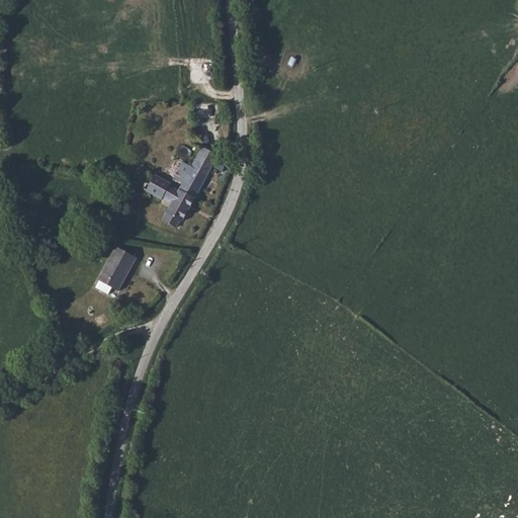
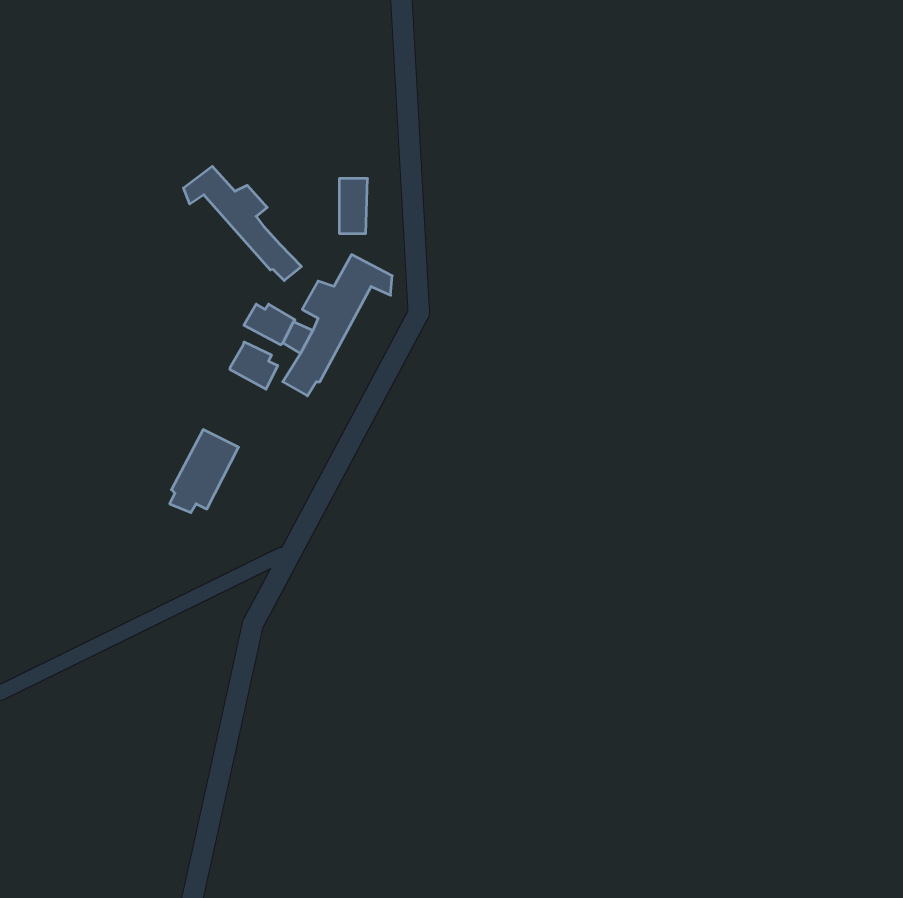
building: none -> [183,166,301,281]
building: none -> [230,342,278,389]

